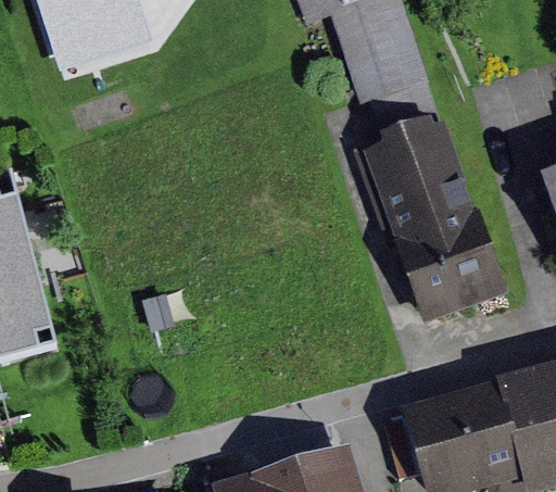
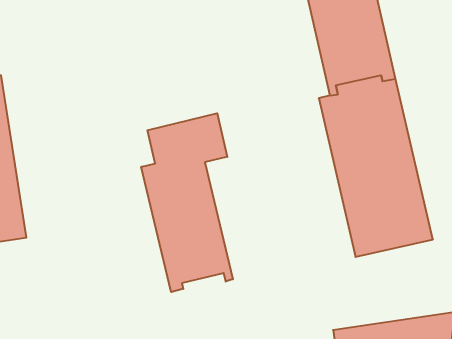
building: none -> [141,113,233,292]

